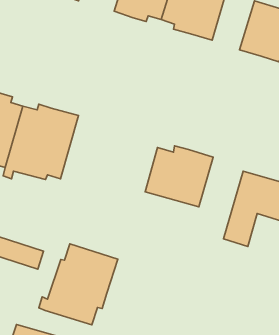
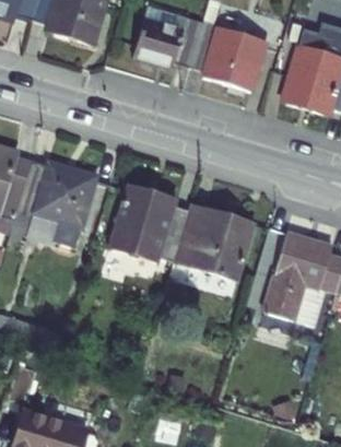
building: none -> [113,187,187,263]
building: [39,244,118,325] -> none

